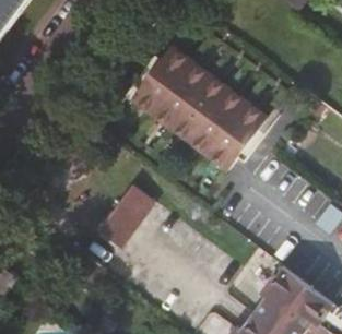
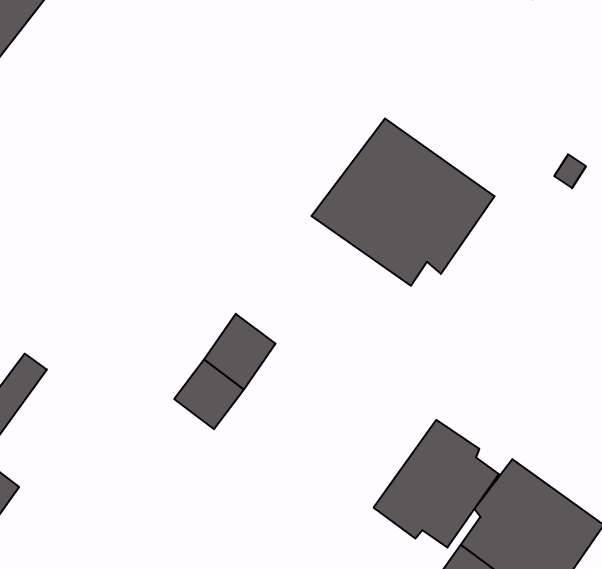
building: [120,45,212,131] -> none
building: none -> [374,420,499,548]

